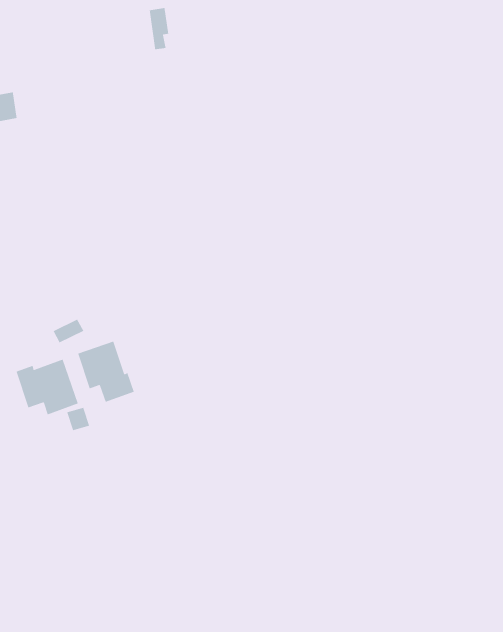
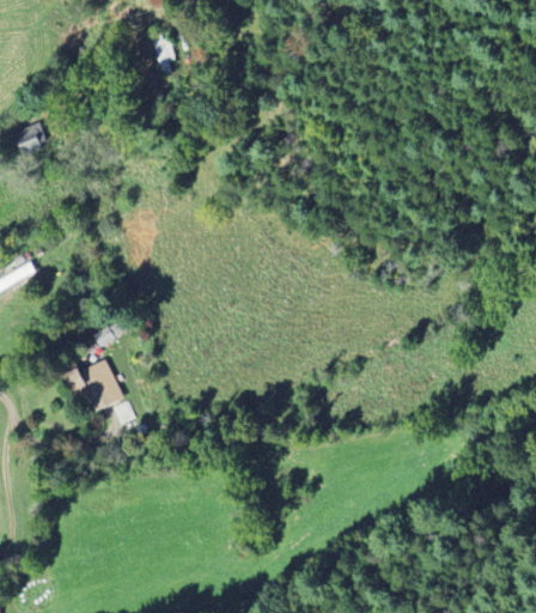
building: [77,340,135,403] -> none

